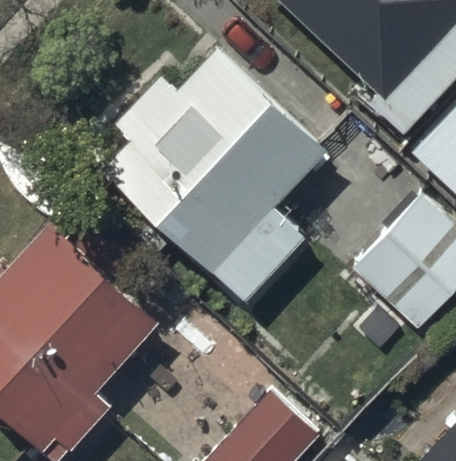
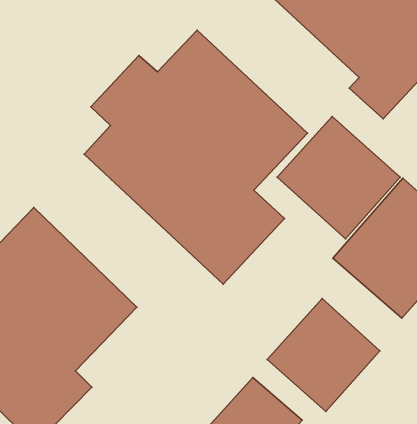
building: none -> [277,116,400,239]
building: none -> [267,298,380,412]

